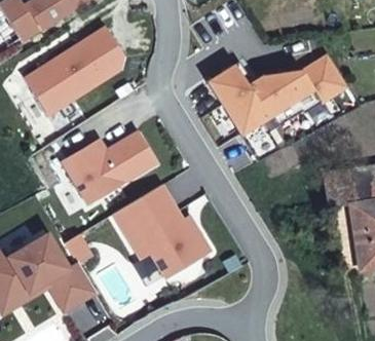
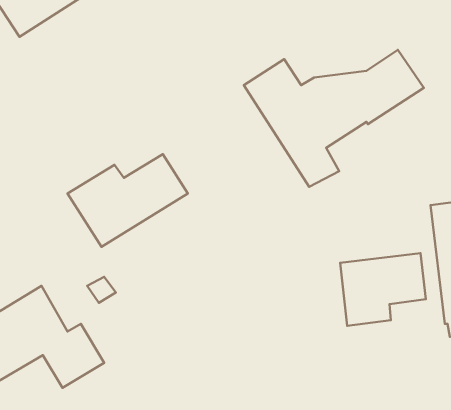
building: [24,25,123,113] -> none
building: [114,185,211,278] -> none
building: none -> [340,253,426,326]

